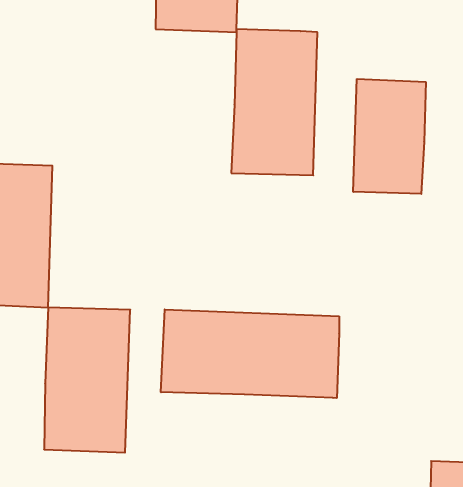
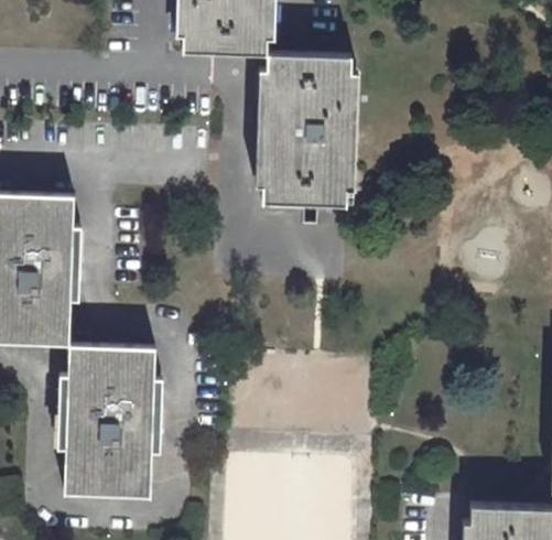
building: [353,79,426,194] -> none
building: [161,309,339,398] -> none

